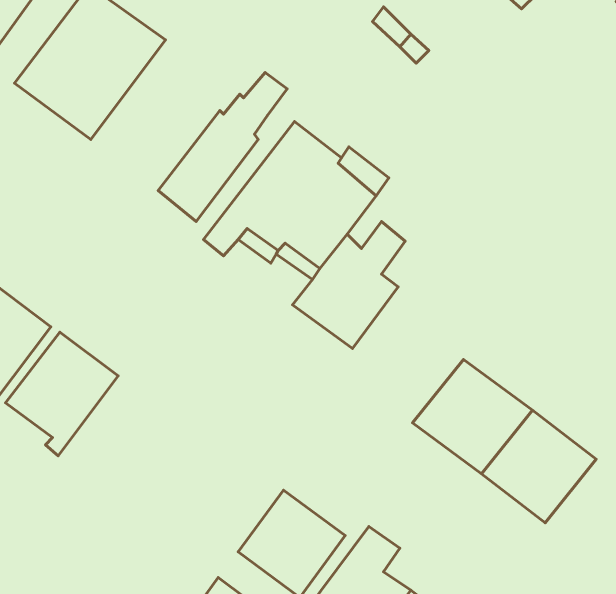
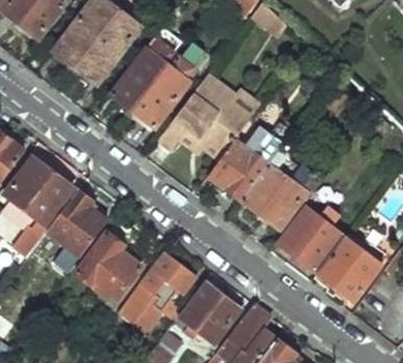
building: none -> [111,33,179,112]
building: none -> [243,145,321,229]
building: none -> [76,234,145,308]
building: none -> [120,252,197,331]

